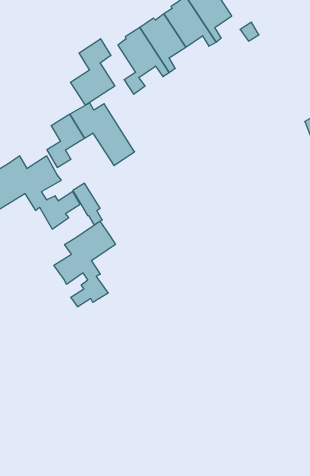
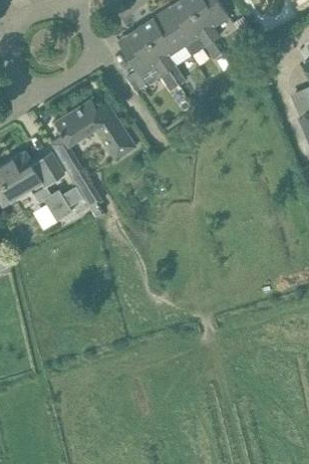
building: [71,39,115,105] -> none
building: [54,221,115,307] -> none

